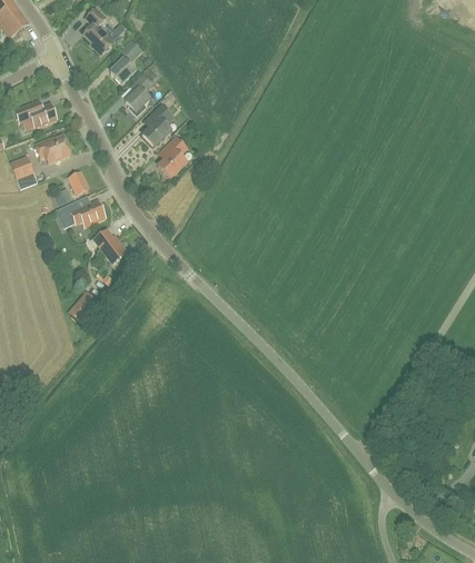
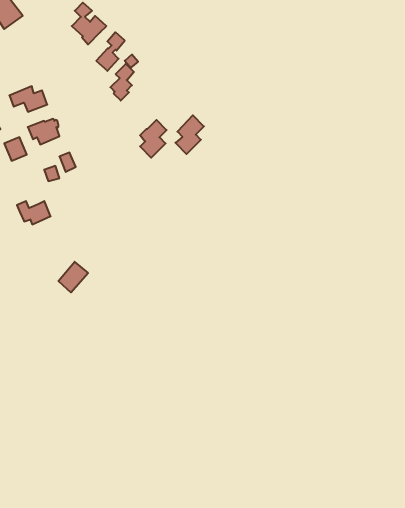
building: [141,103,172,146] -> [175,115,204,154]
building: [67,199,103,225] -> [17,201,51,224]
building: [93,229,127,263] -> none

